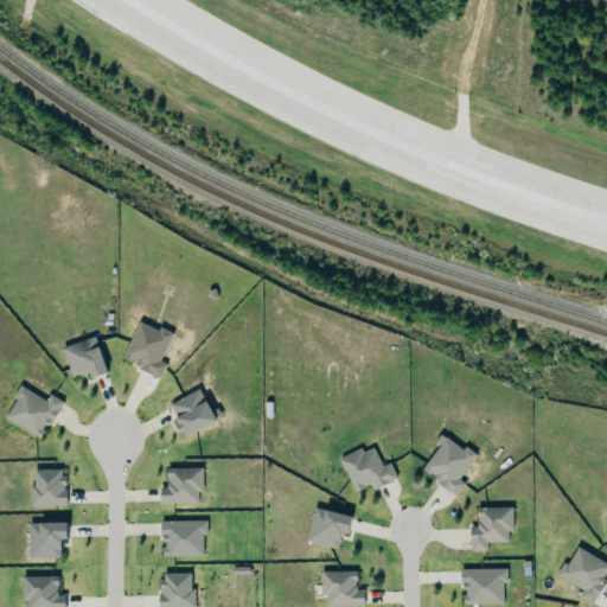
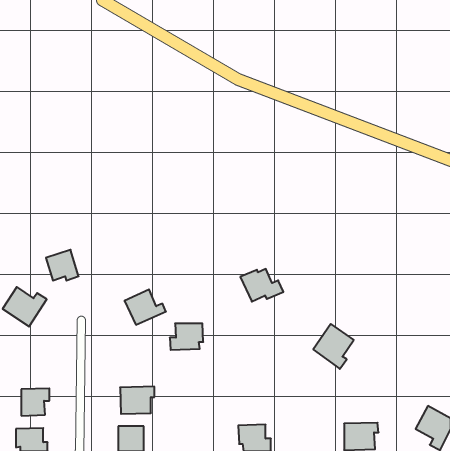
building: [123,320,173,376] -> none
building: [340,447,398,491] -> [240,269,283,302]
building: [160,467,205,503] -> [170,323,203,350]
building: [32,468,68,506] -> none
building: [307,506,352,549] -> none
building: [472,506,515,551] -> none

